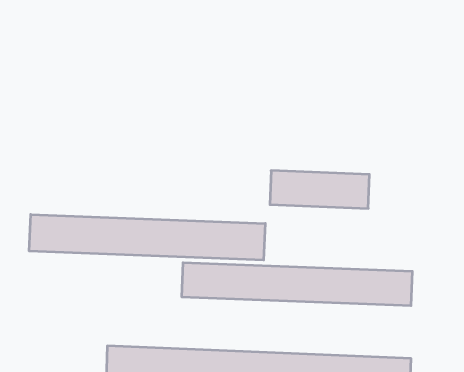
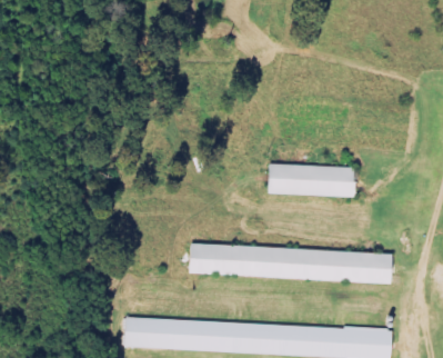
building: [29,214,265,260] -> none

